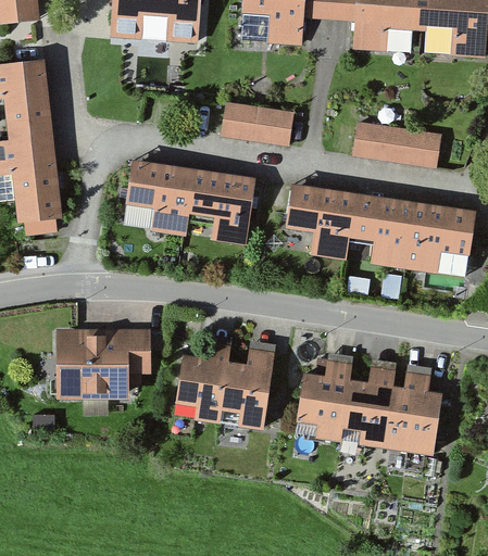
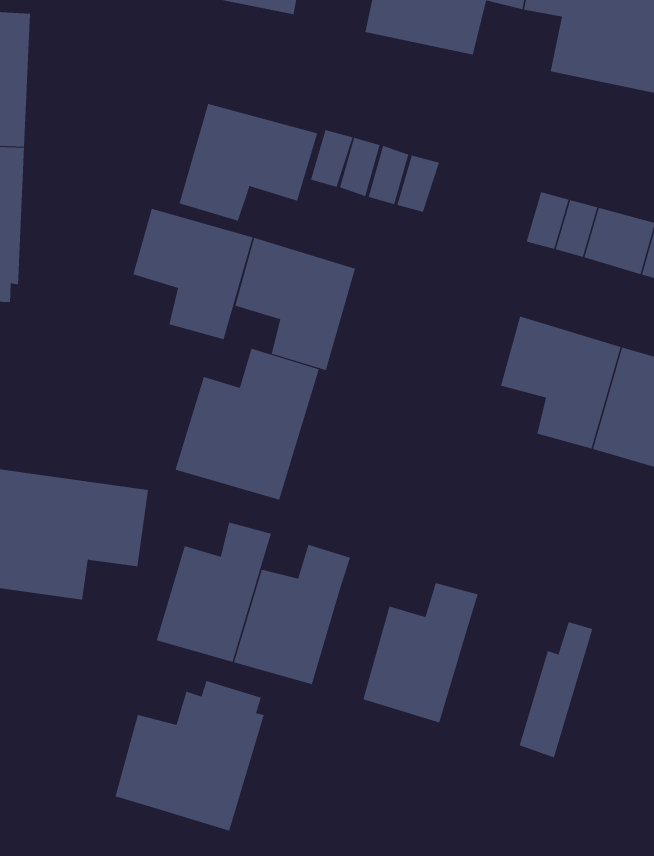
building: none -> [179,103,318,222]
building: [286,186,353,257] -> none
building: none -> [175,348,320,500]
building: [340,363,399,444] -> none
building: [410,370,445,452] -> none
building: none -> [115,680,264,831]

